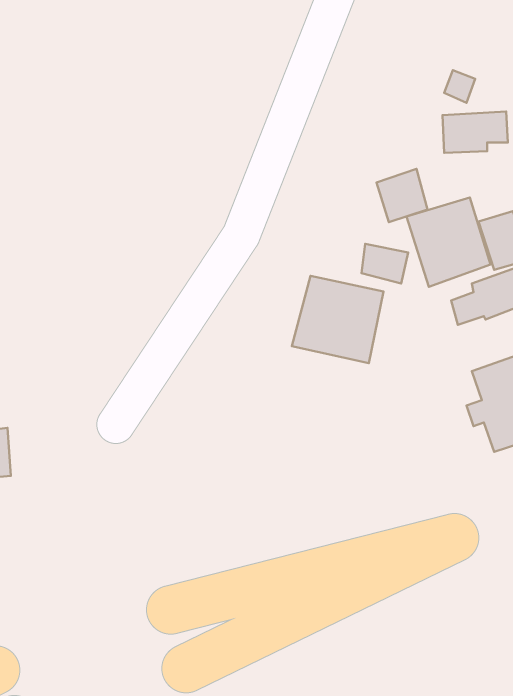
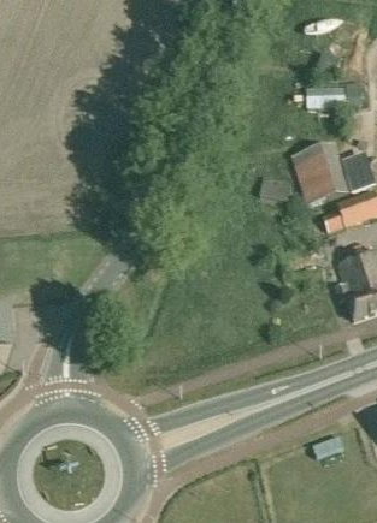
building: [376,169,427,222] -> none
building: [292,276,383,363] -> none

